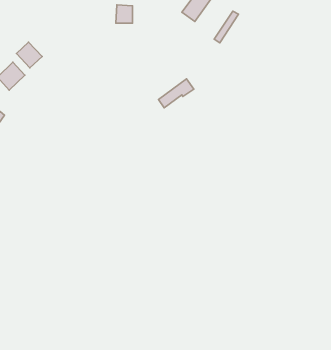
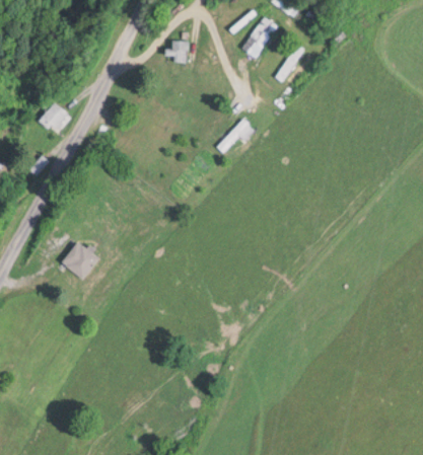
building: [16,42,42,68] -> none
building: none -> [62,242,99,281]

